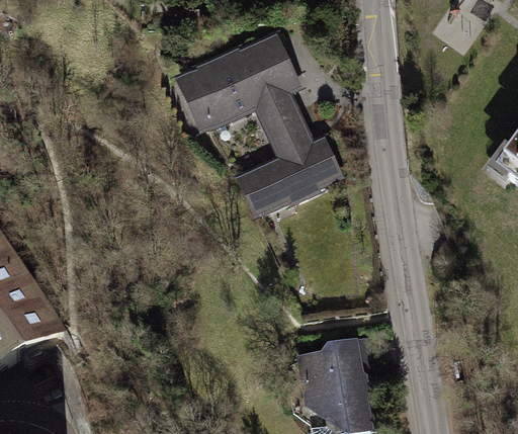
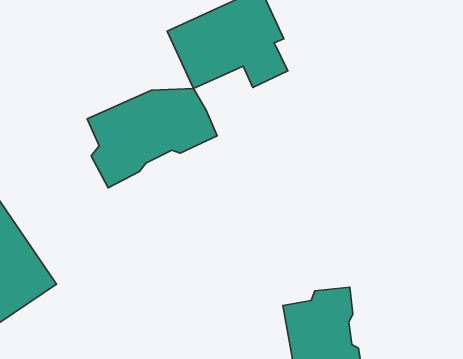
building: [235,115,333,213] -> none
building: none -> [87,88,217,188]

